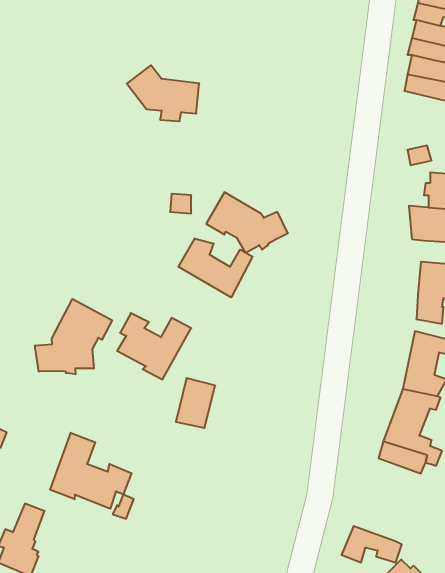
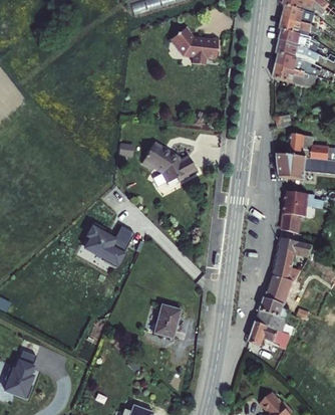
building: [127,65,199,121] -> [170,28,218,65]
building: [178,238,253,297] -> none
building: [35,299,112,374] -> none
building: [176,378,215,428] -> [152,304,179,338]
building: [50,433,131,509] -> none
building: [341,526,402,563] -> [248,321,288,345]

